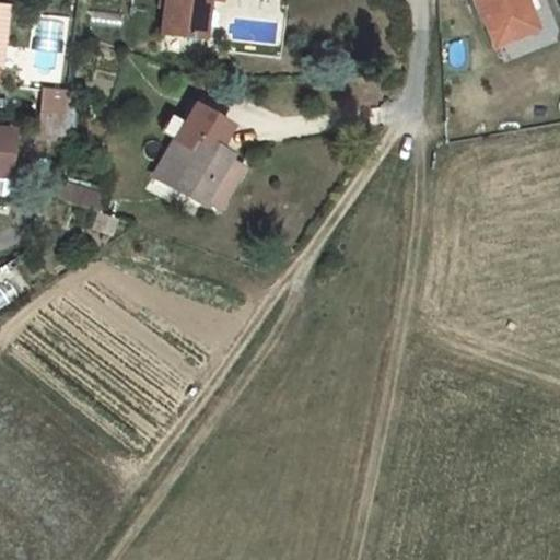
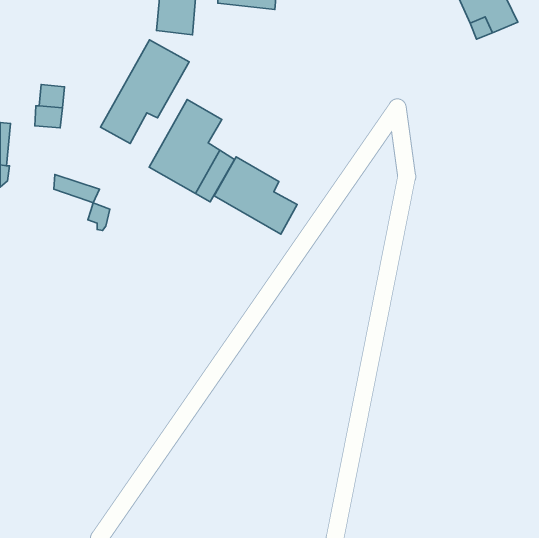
building: none -> [100,40,189,144]
building: none -> [214,157,297,234]

